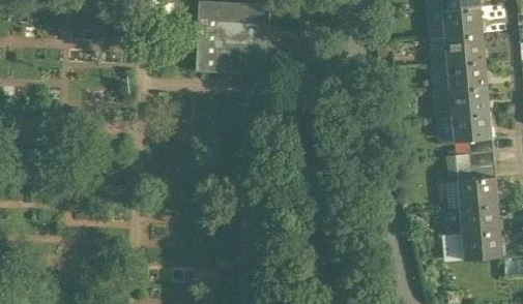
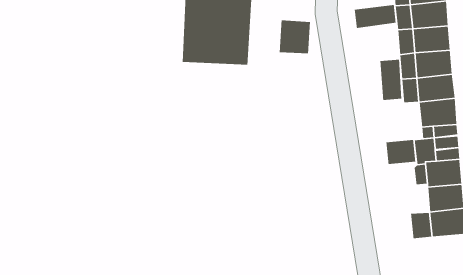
building: none -> [354,4,397,29]
building: none -> [279,19,311,54]
building: none -> [379,59,402,101]
building: none -> [386,139,416,165]

